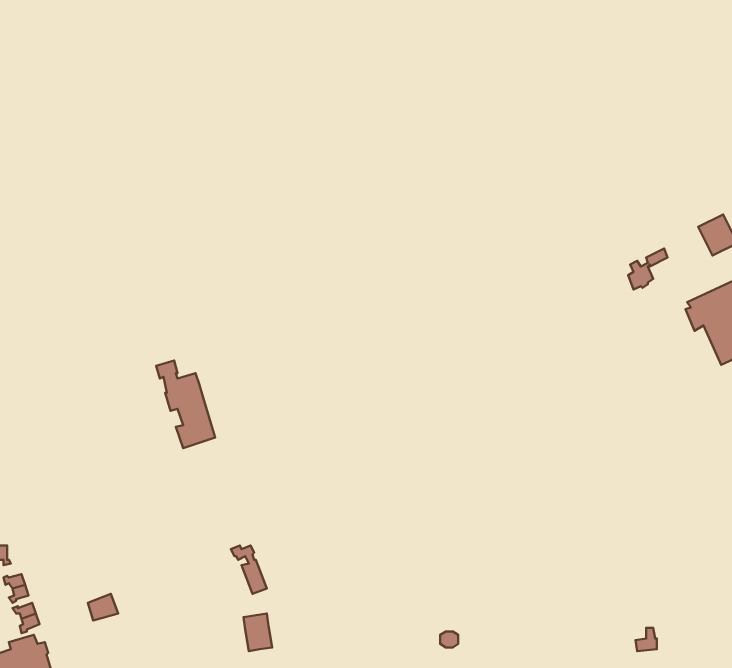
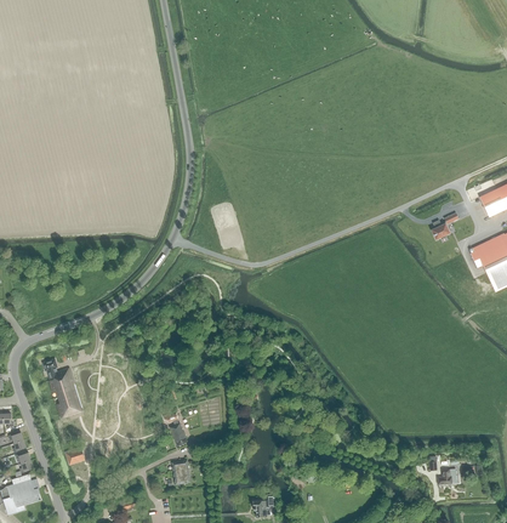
building: [156,361,215,448] -> [42,358,82,417]

